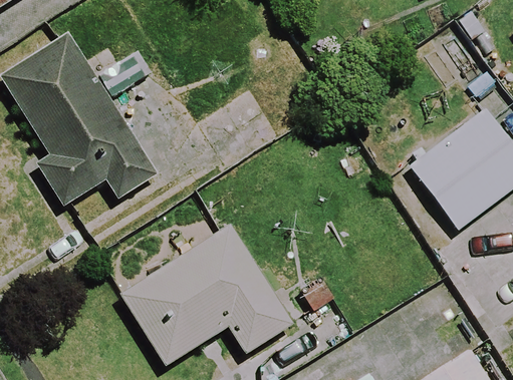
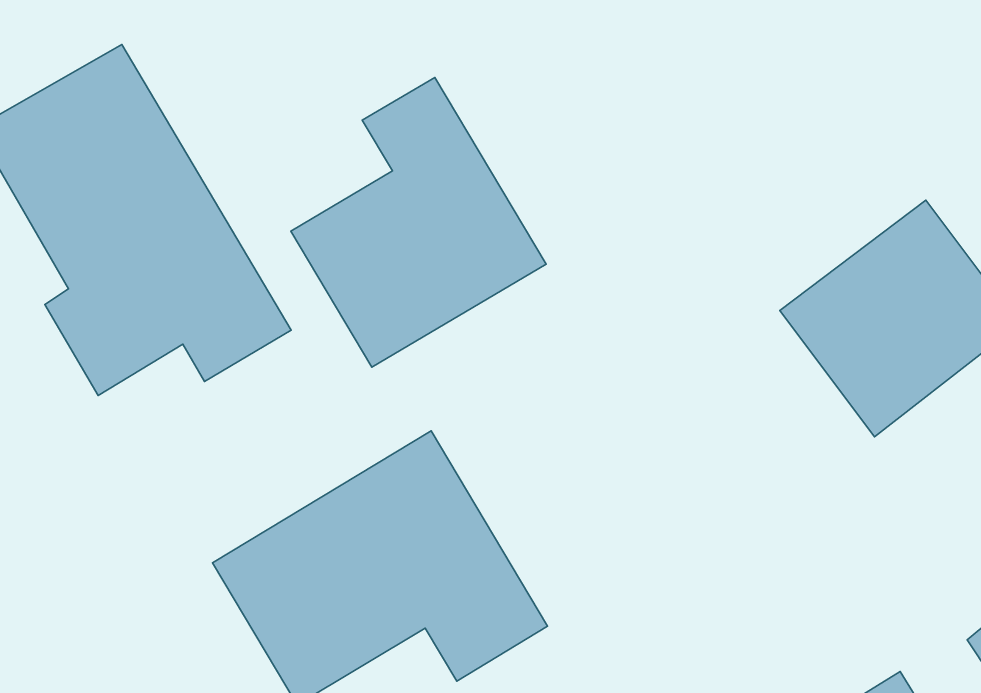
building: none -> [291,78,546,367]

